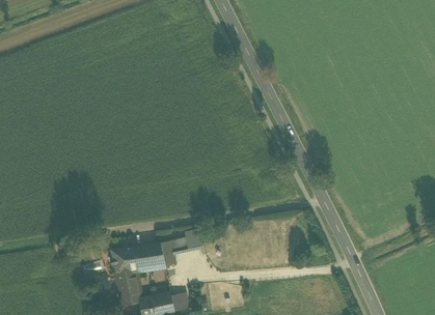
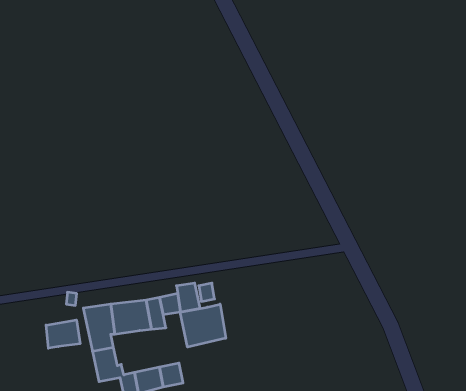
building: none -> [180,304,226,347]
building: none -> [46,320,80,348]

